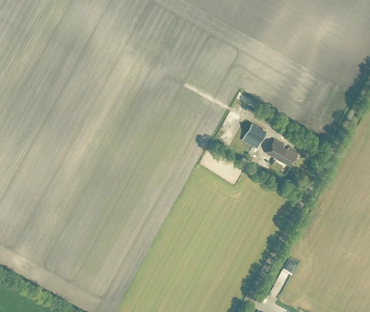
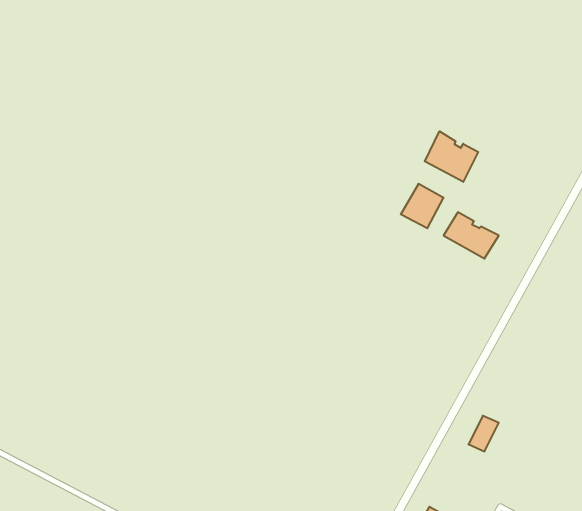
building: none -> [425,131,478,182]

